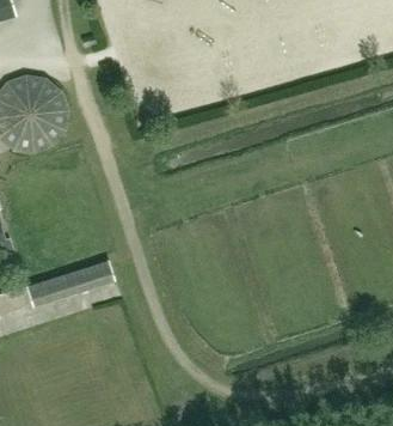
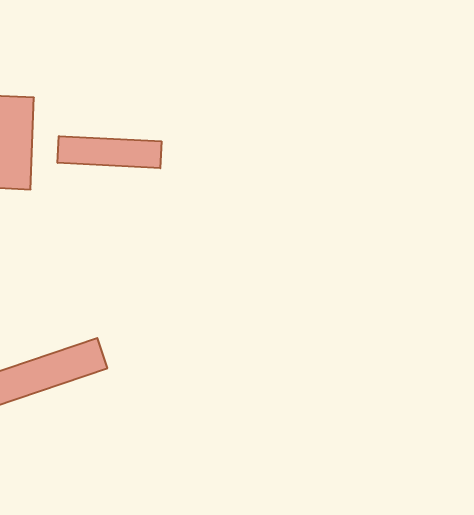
building: none -> [58,136,161,168]

